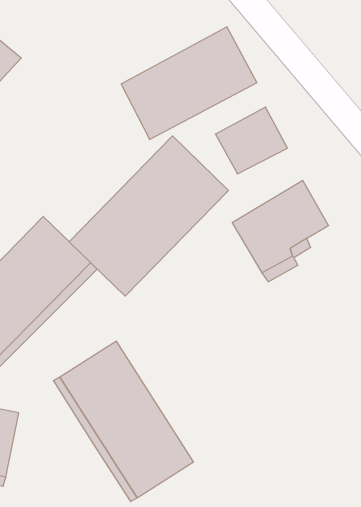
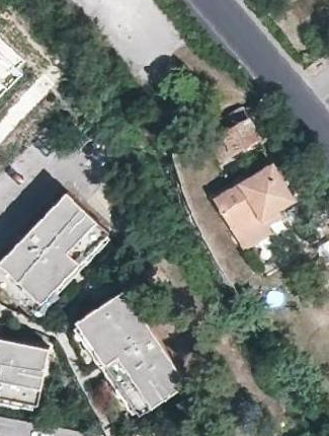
building: [121,27,257,140] -> none
building: [69,136,228,296] -> none

